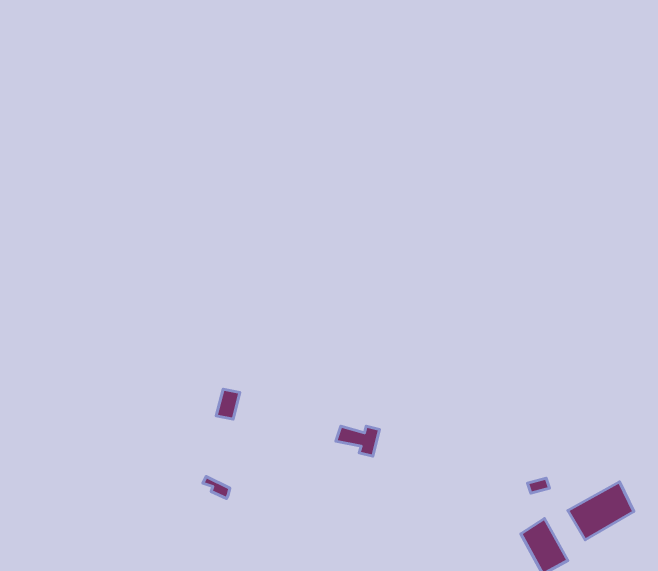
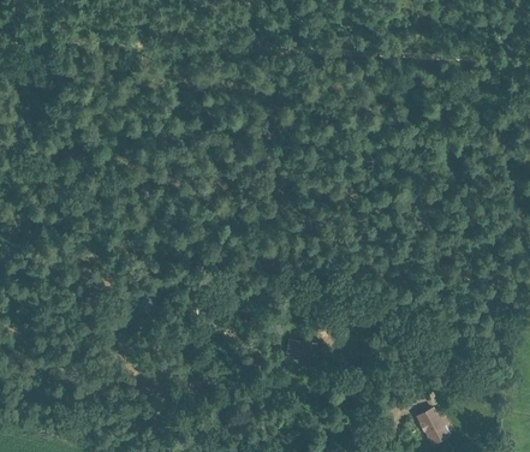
building: [568,482,634,540] -> none

